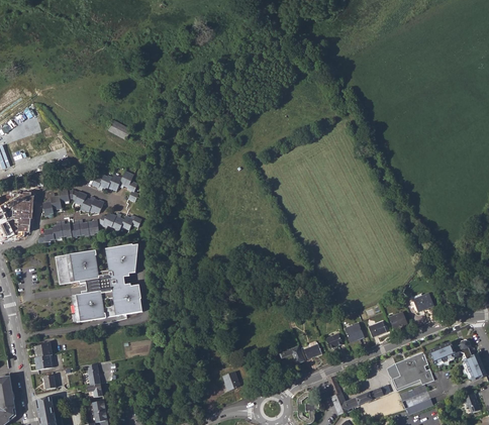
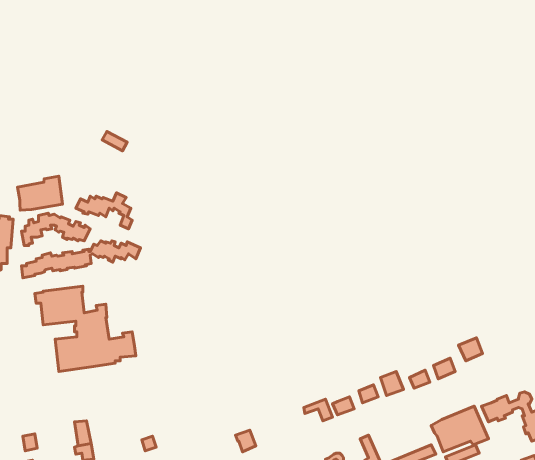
building: none -> [17,176,63,210]
building: [103,246,138,301] -> none
building: [32,341,53,369] -> none

